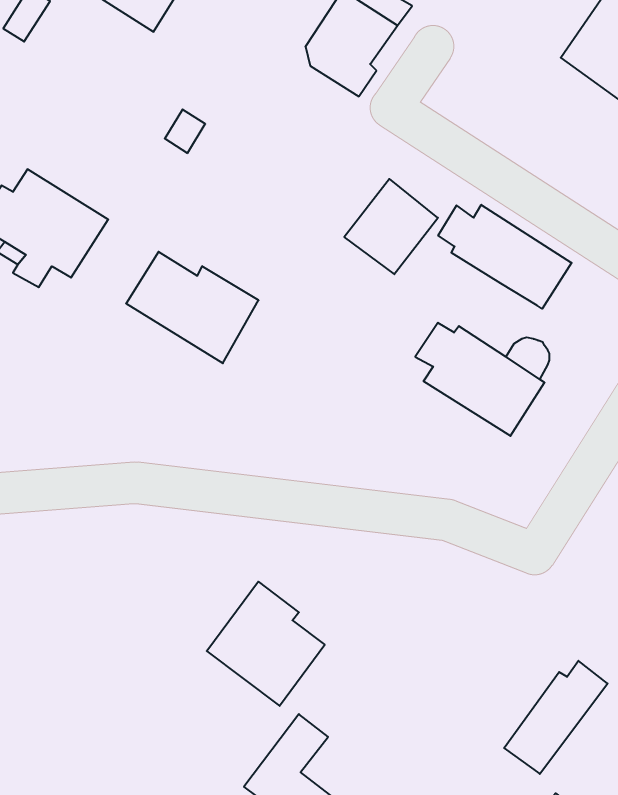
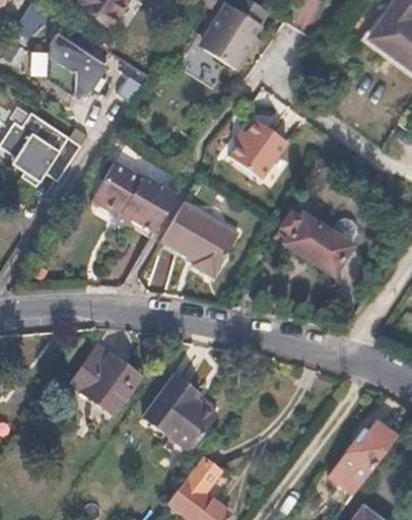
building: none -> [48,31,109,95]
building: [438,205,572,309] -> none
building: none -> [161,204,236,277]
building: none -> [59,337,141,414]

